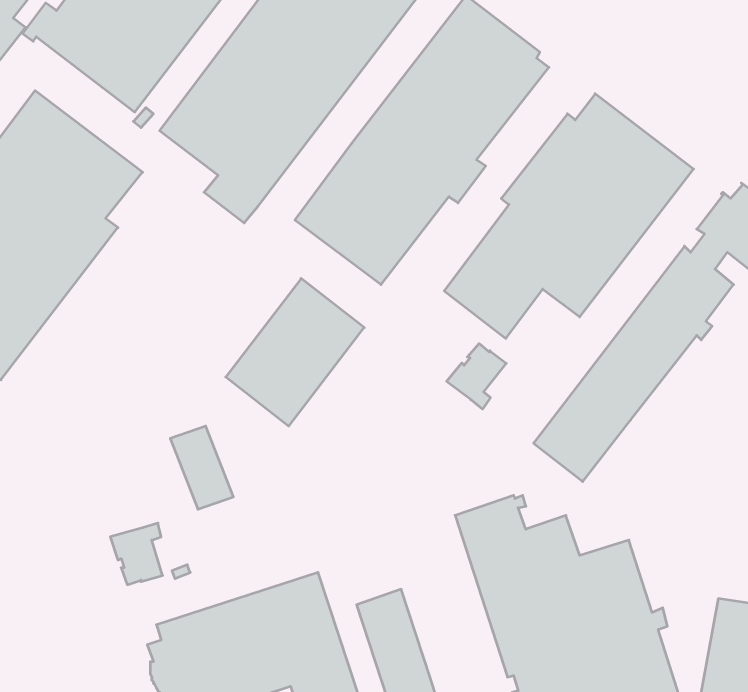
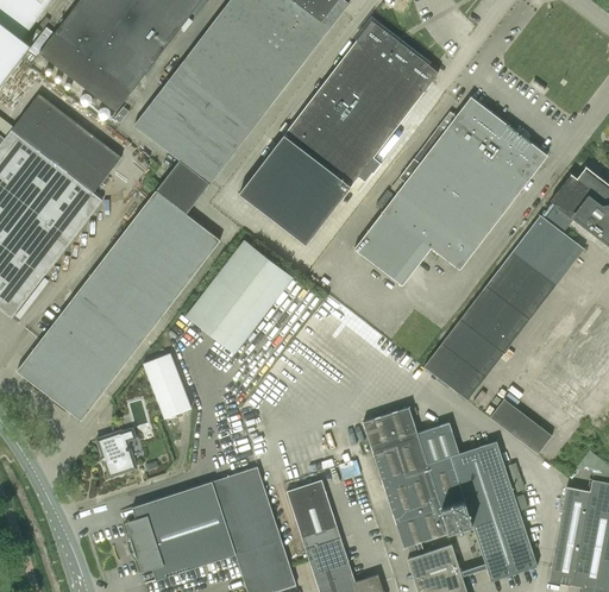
building: none -> [17,172,220,420]
building: [447,344,506,409] -> none
building: none -> [490,398,552,453]

